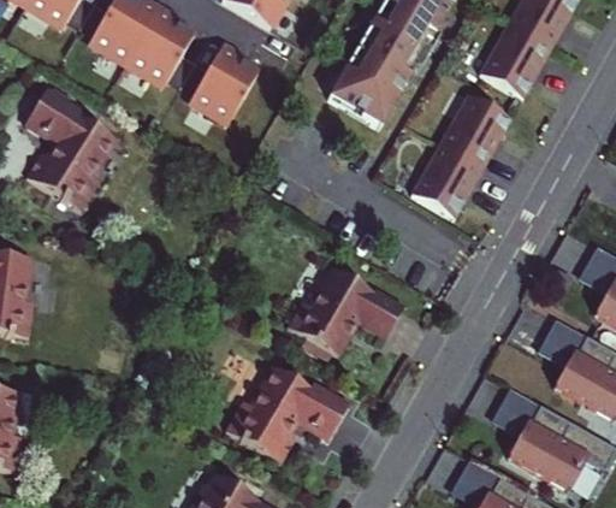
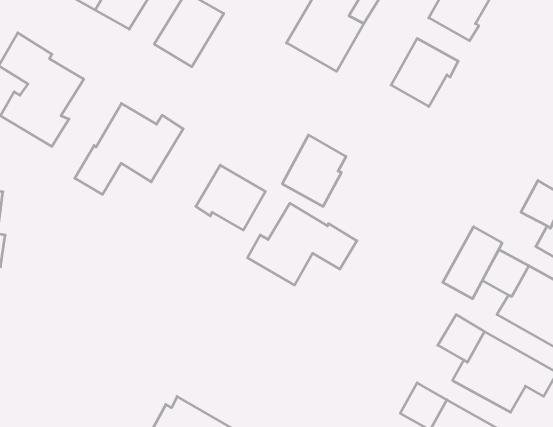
building: [413,143,480,219] -> [282,135,346,206]
building: none -> [75,103,183,194]
building: none -> [196,165,265,230]
building: none -> [443,227,502,299]
building: [225,366,348,461] -> none

